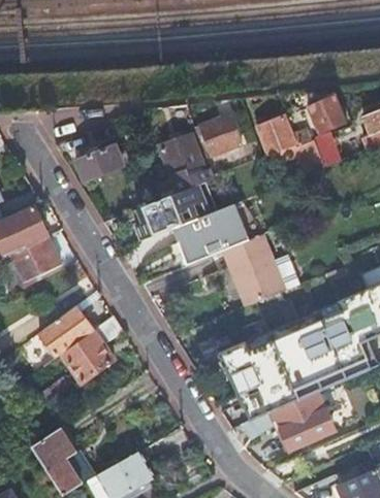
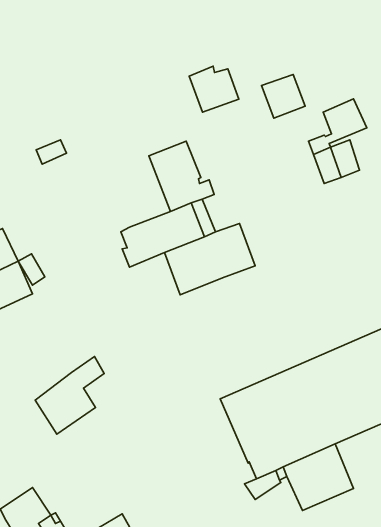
building: [199,118,242,157] -> [189,66,239,112]
building: [258,119,295,156] -> [262,75,305,118]
building: [77,145,124,180] -> none
building: [223,234,287,306] -> none
building: [40,307,94,358] -> none

